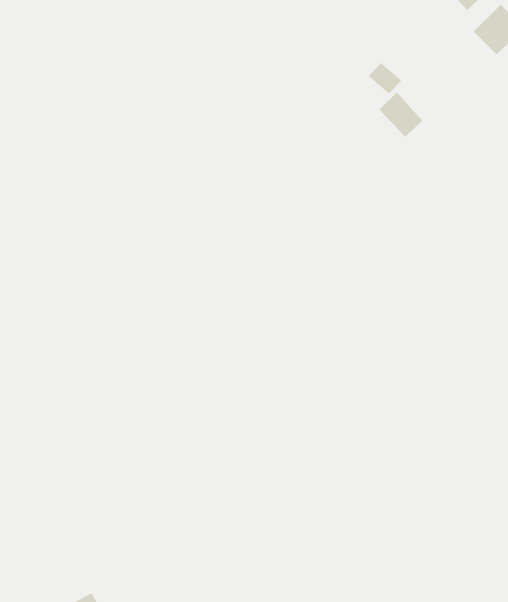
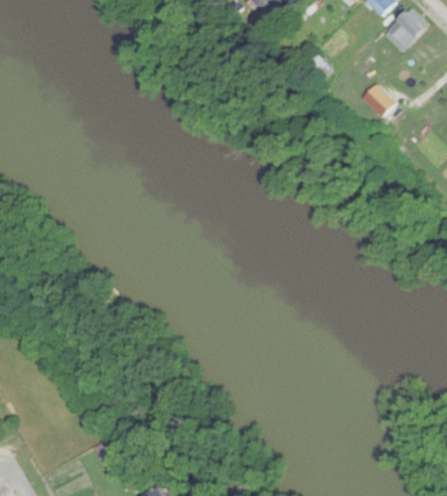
building: [379,92,423,138] -> [363,84,396,117]

